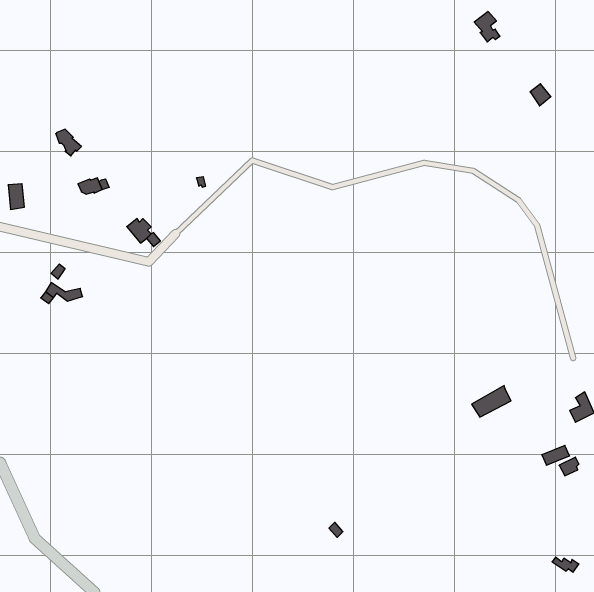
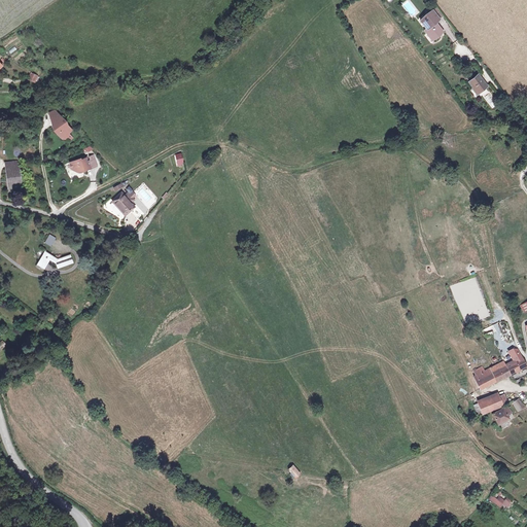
building: [472,386,511,417] -> [475,360,510,388]

